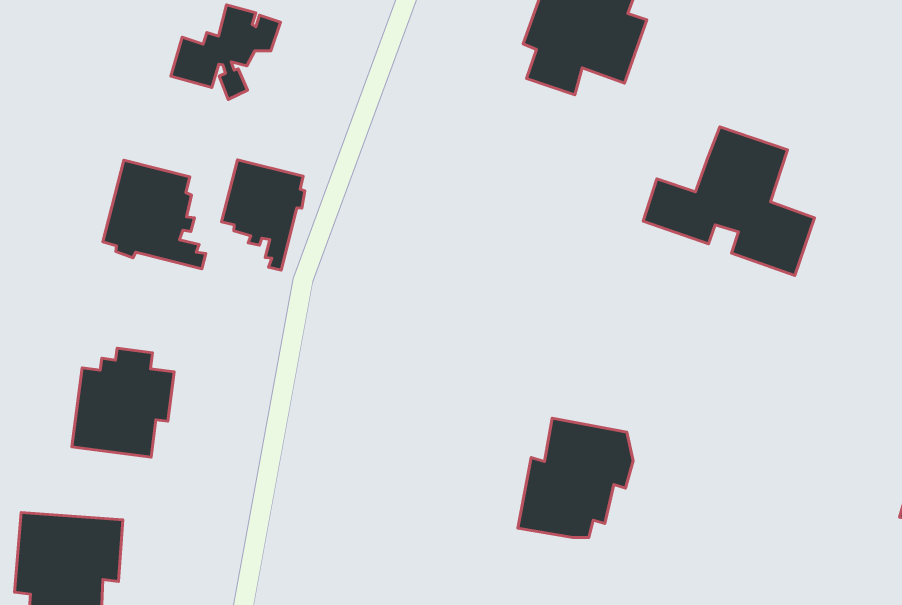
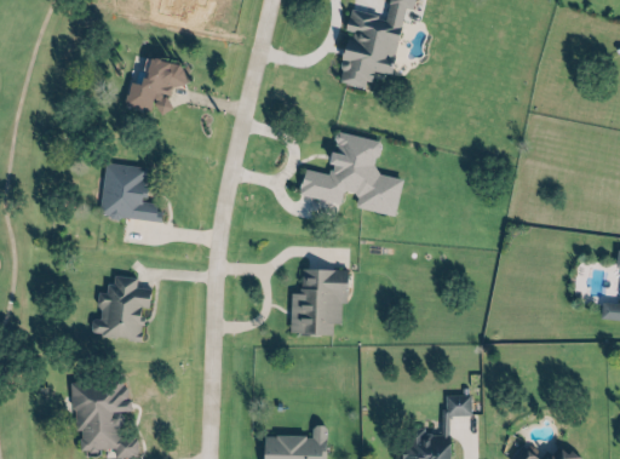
building: [643,127,815,275] -> [302,132,404,216]
building: [222,160,305,270] -> none
building: [518,418,633,538] -> [287,268,351,338]

